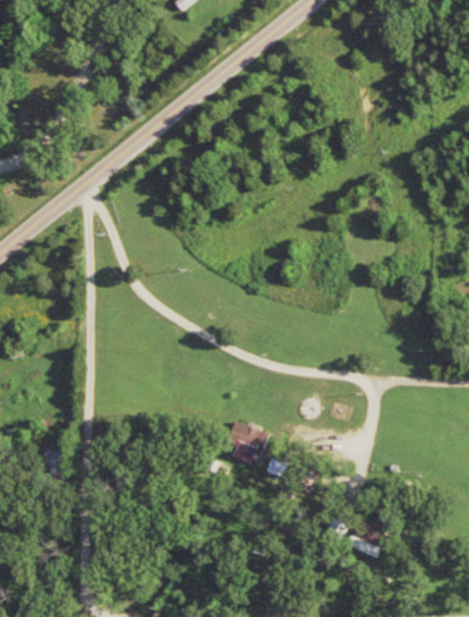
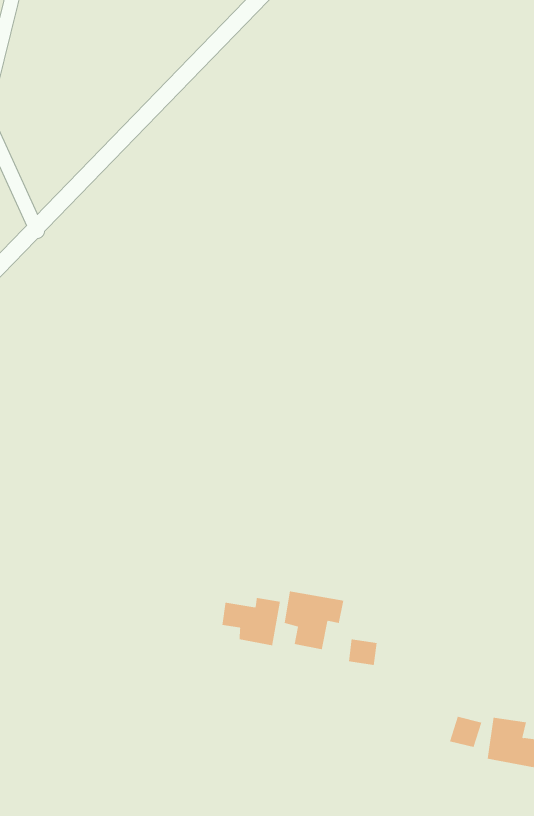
building: none -> [222,597,280,646]

